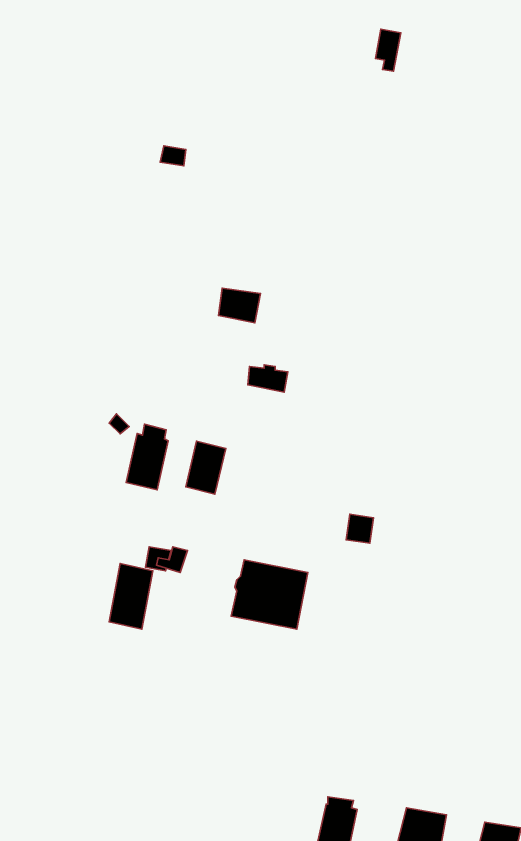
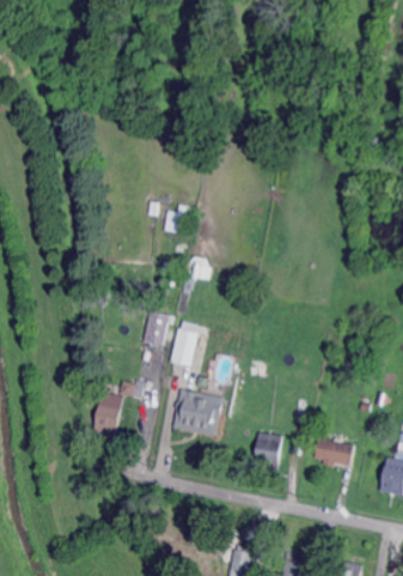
building: [126,424,168,490] -> [170,322,197,365]
building: none -> [254,432,282,469]
building: none -> [313,438,353,466]

